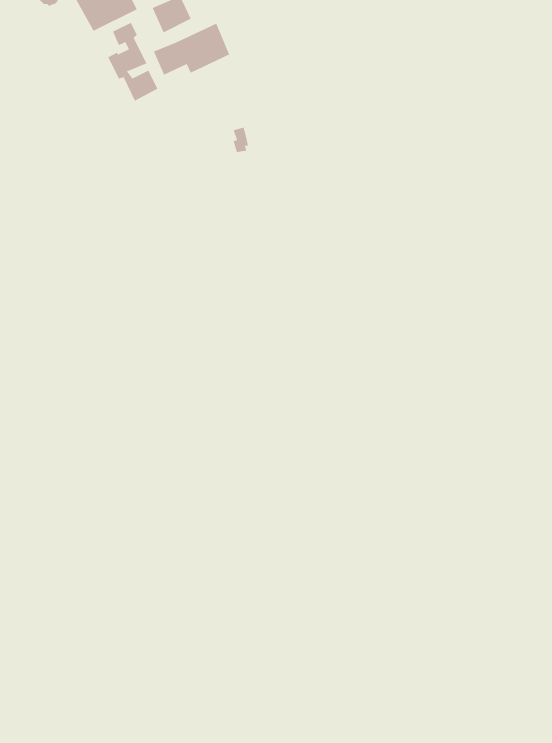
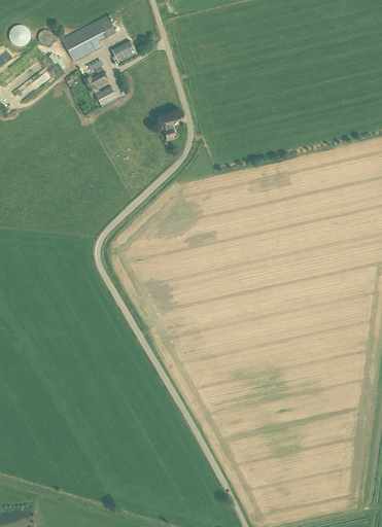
building: [153,23,230,75] -> none

